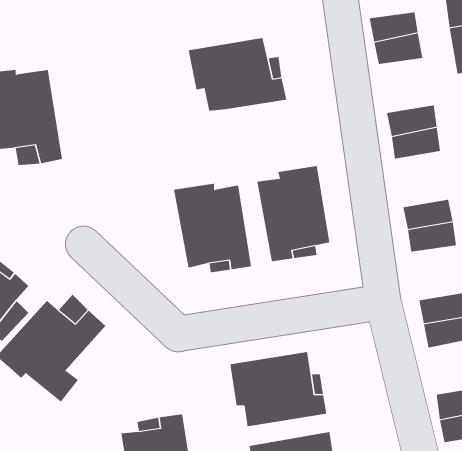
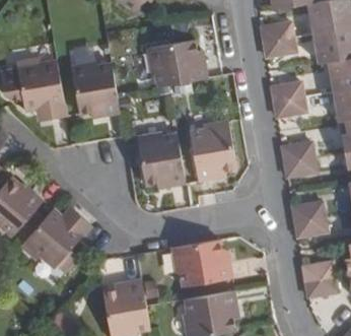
building: none -> [71,61,120,117]

